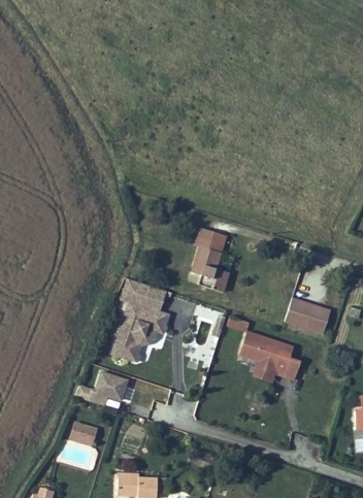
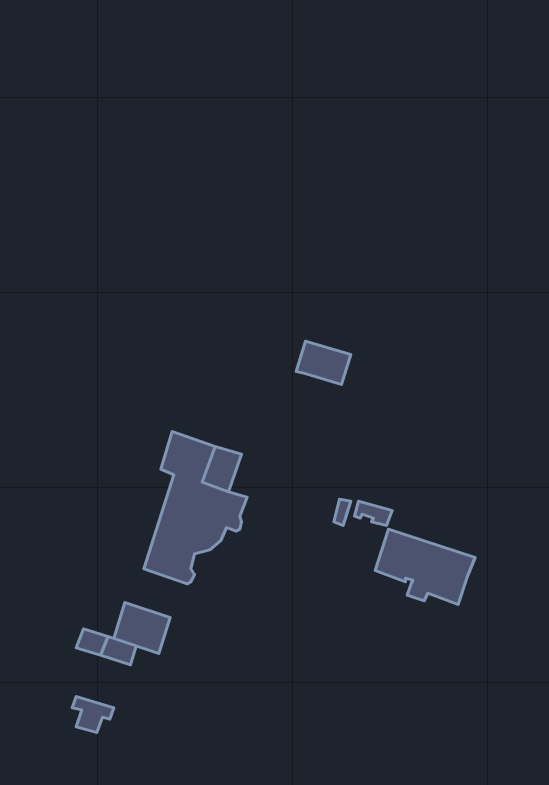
building: [194,246,229,292] -> none
building: [285,298,330,334] -> none
building: [255,358,300,381] -> none

